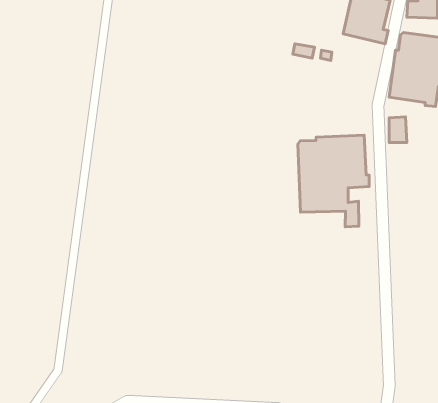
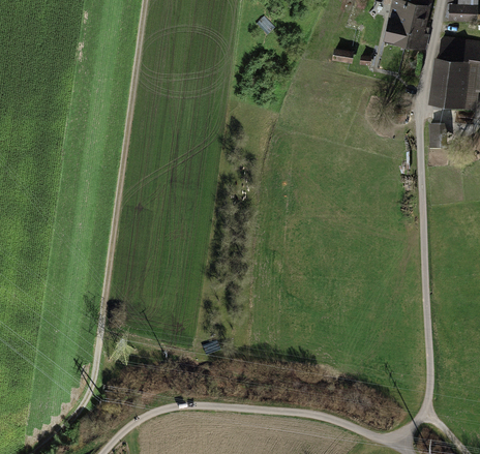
building: [298,135,369,227] -> none

